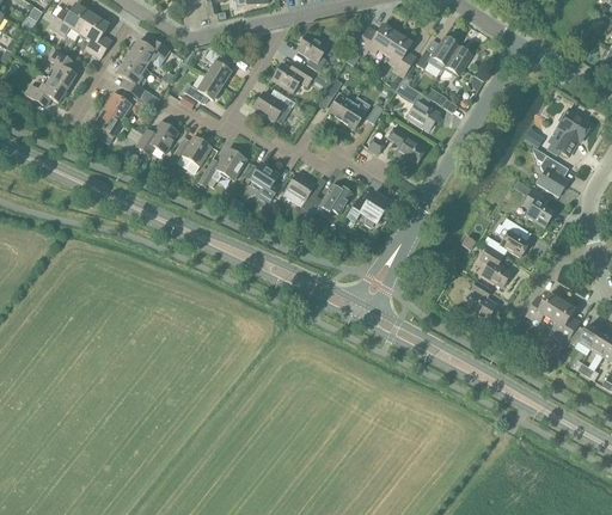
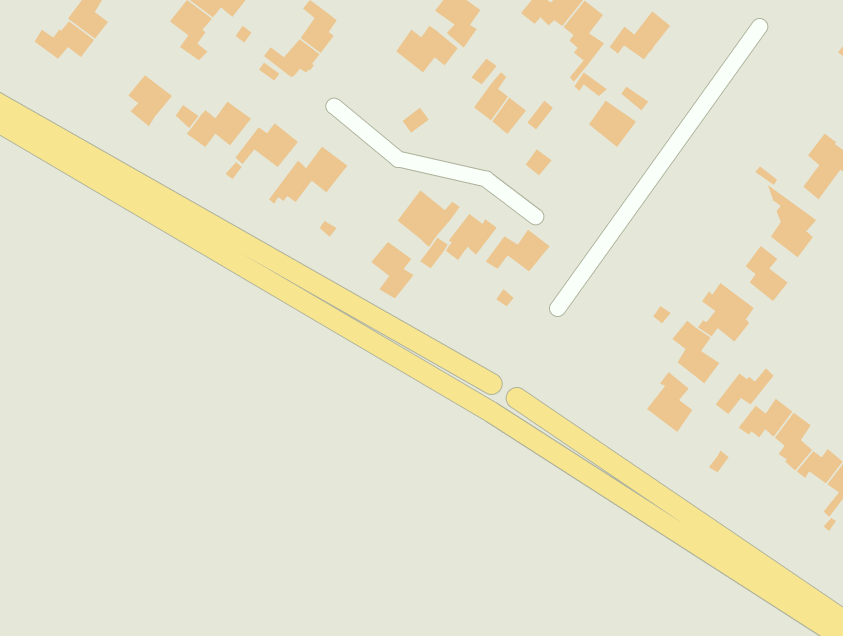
building: [439,47,472,79] -> none
building: [104,88,149,122] -> none
building: [253,91,296,121] -> none
building: [387,124,428,163] -> none
building: [251,163,282,202] -> [370,241,415,300]
building: none -> [714,367,774,415]

